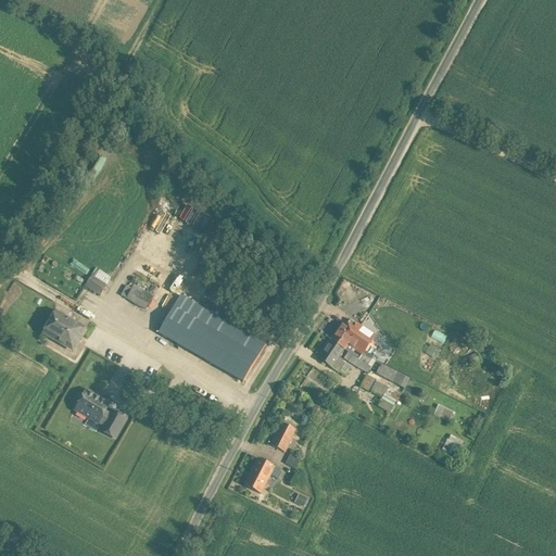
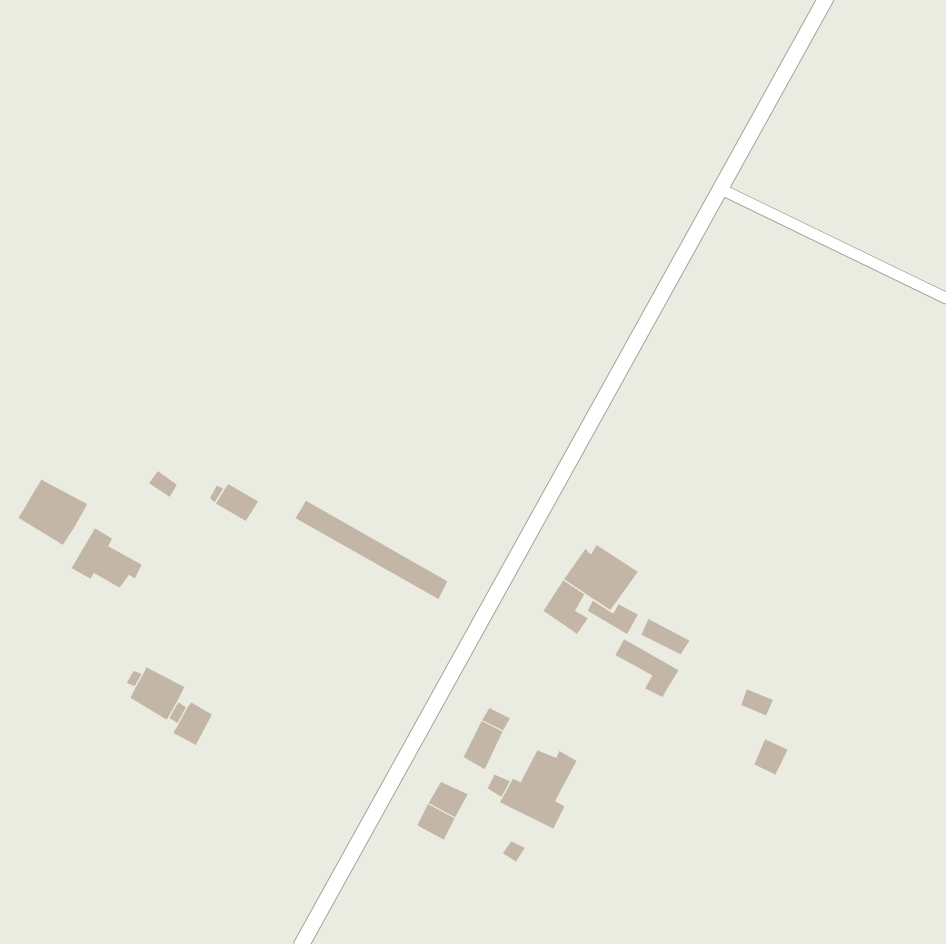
building: none -> [18,479,88,546]
building: [157,304,257,378] -> none
building: none -> [499,750,578,830]

